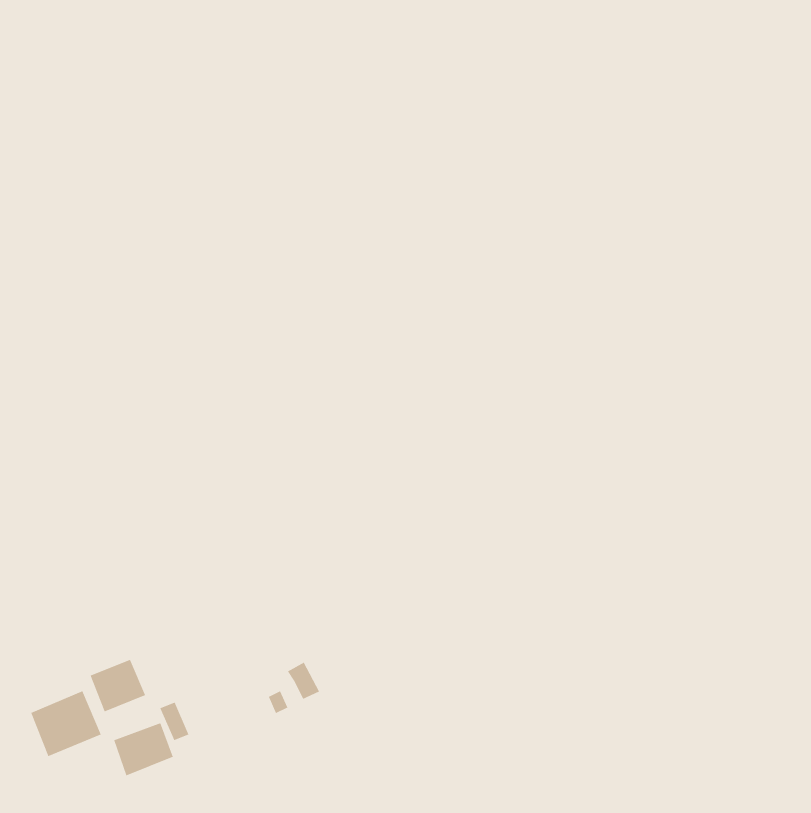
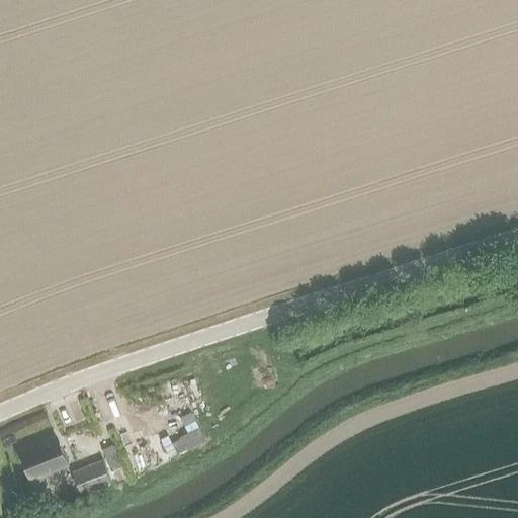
building: [89,659,146,713] -> none

